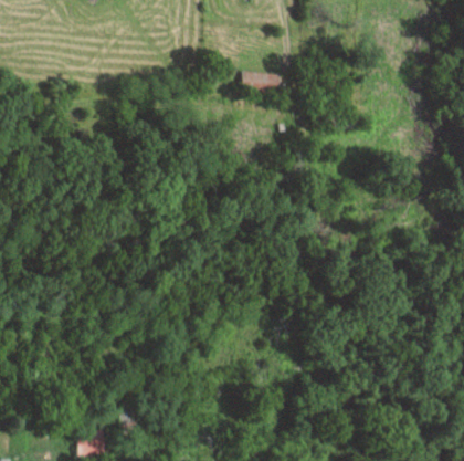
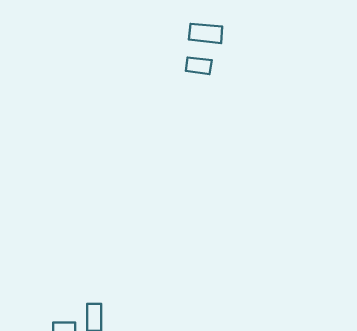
building: none -> [186,57,212,74]

